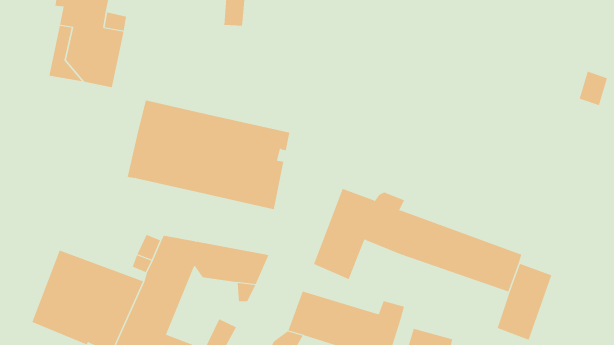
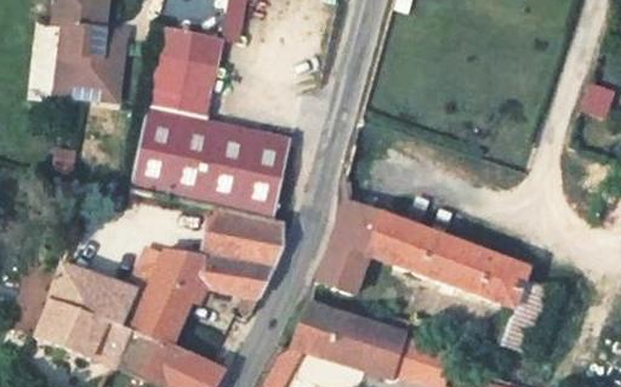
building: none -> [148,32,232,126]
building: none -> [199,206,278,267]

